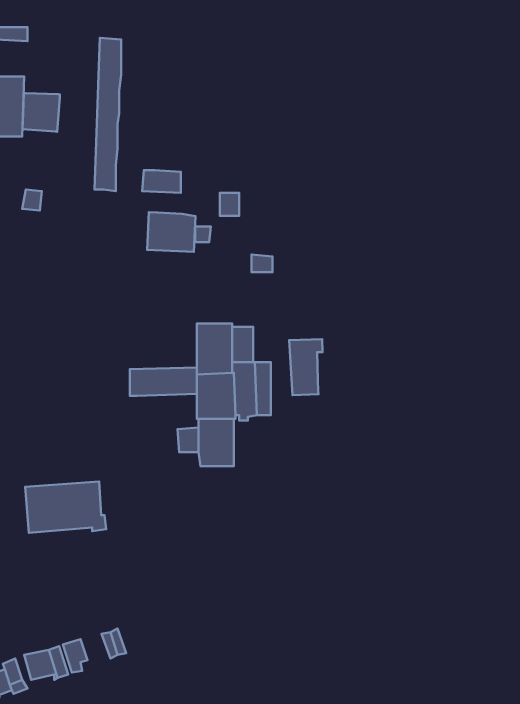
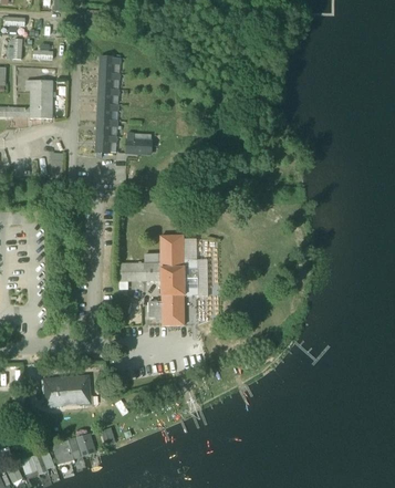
building: [23,93,60,132] -> none
building: [147,212,196,252] -> none
building: [289,339,322,395] -> none
building: [25,482,106,533] -> [42,375,93,407]

